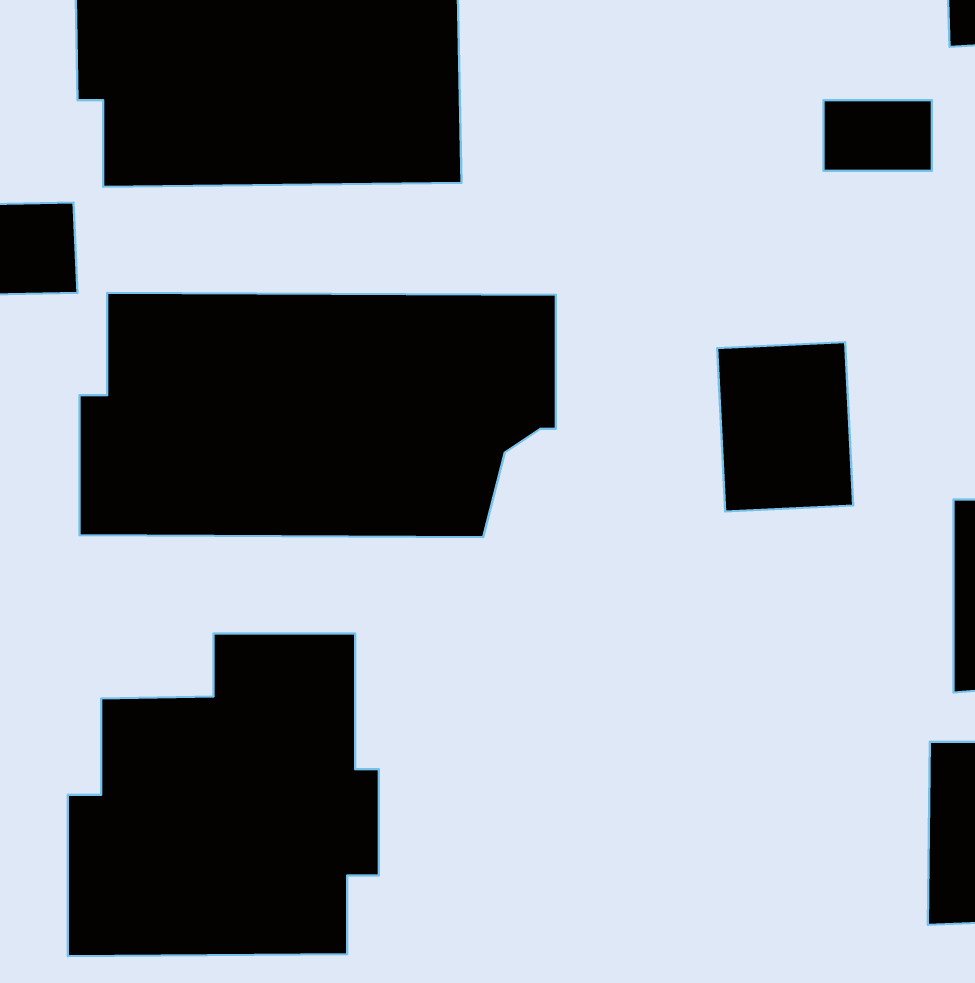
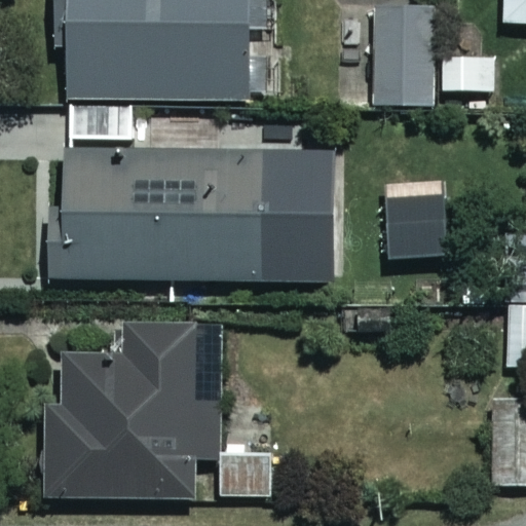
building: none -> [371,5,433,101]

